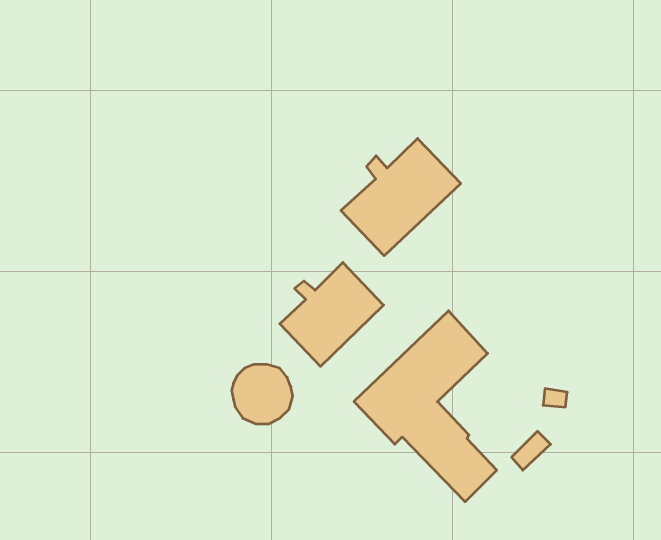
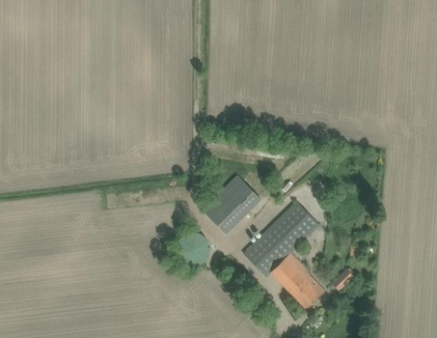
building: [341,138,461,256] -> none

